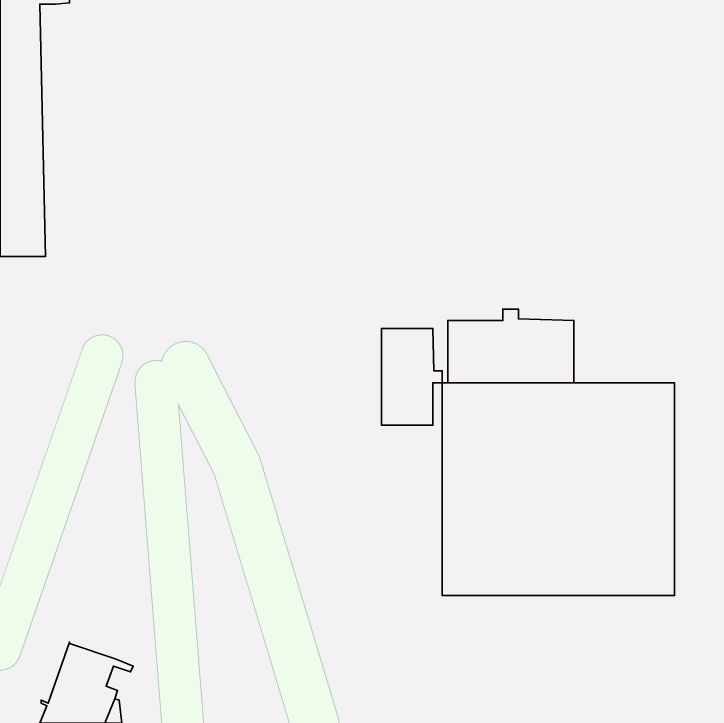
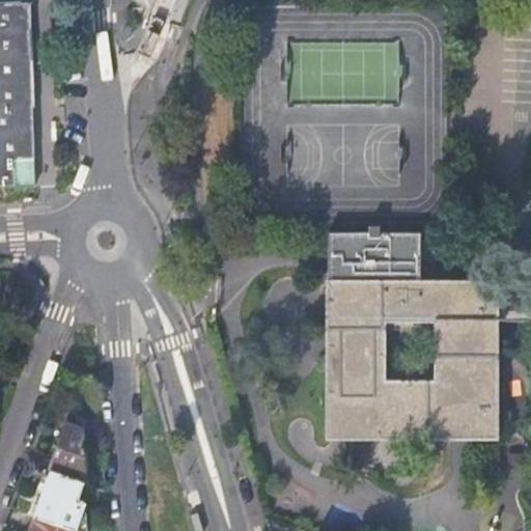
building: [381,329,442,425] -> none
building: none -> [51,426,85,482]

